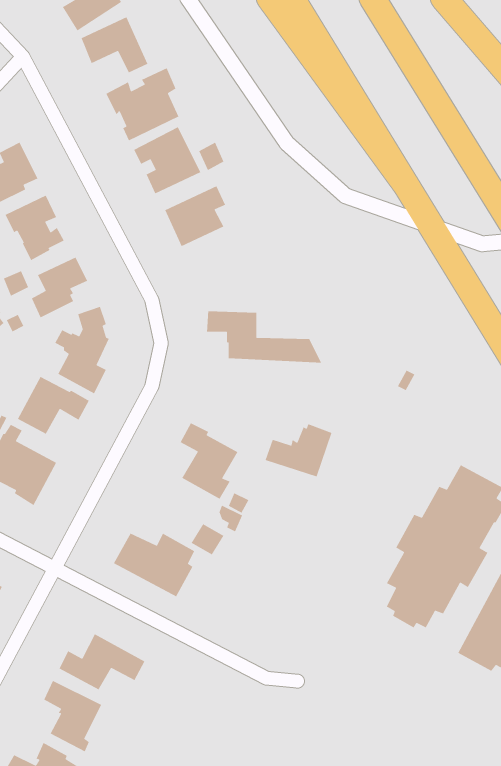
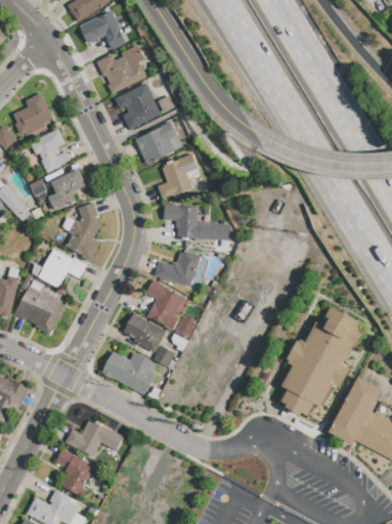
building: none -> [158,155,197,200]
building: [264,423,333,477] -> [155,251,200,287]
building: none -> [123,314,165,352]

